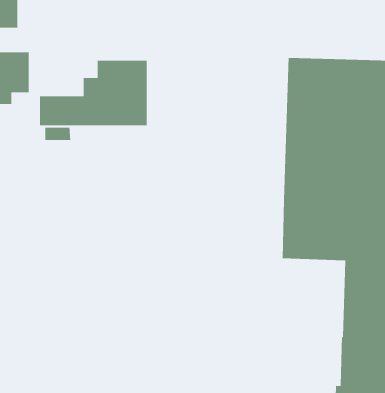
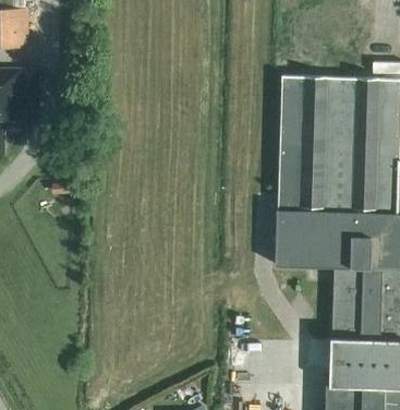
building: [39,60,148,126] -> none

